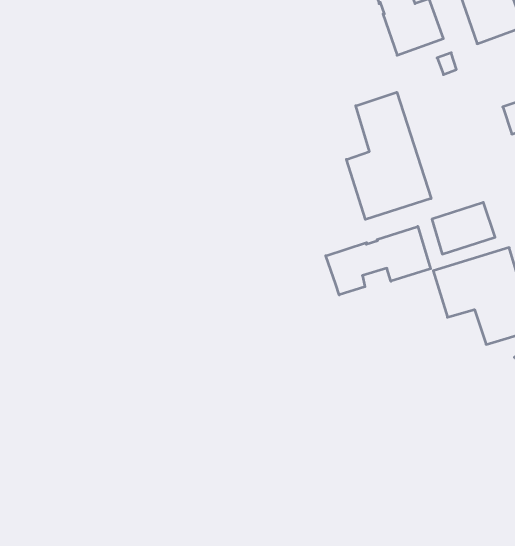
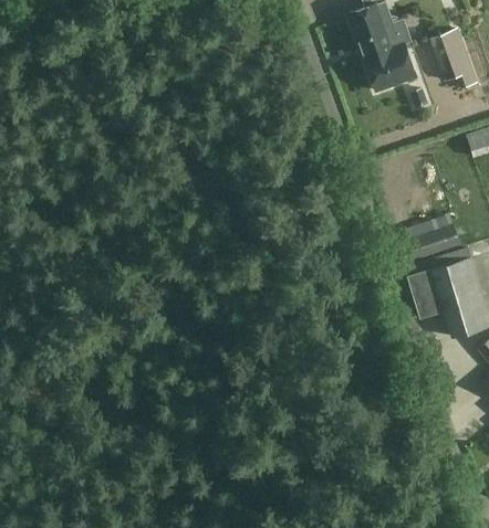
building: [346,92,431,219] -> none
building: [326,226,431,295] -> none

